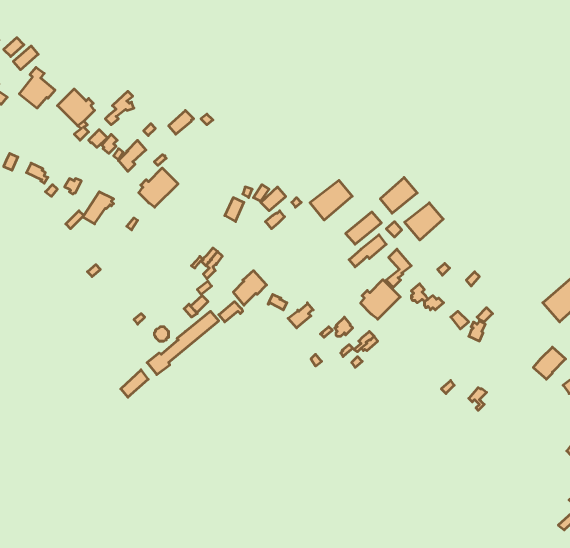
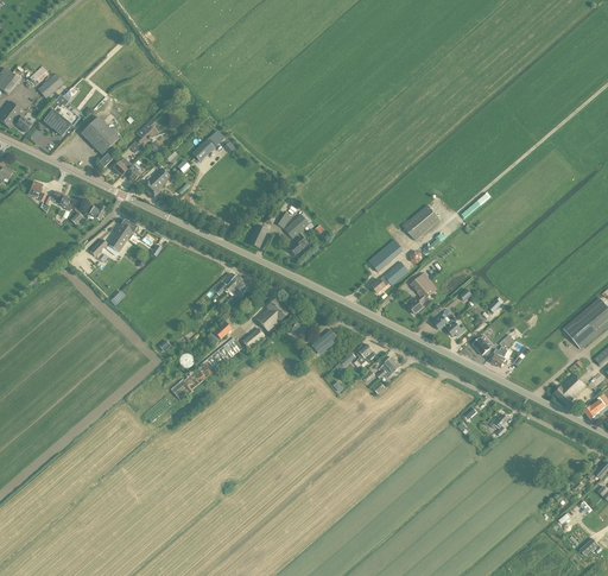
building: [139,168,178,207] -> none
building: [310,180,352,220] -> none
building: [405,203,443,240] -> none
building: [361,280,400,319] -> none

